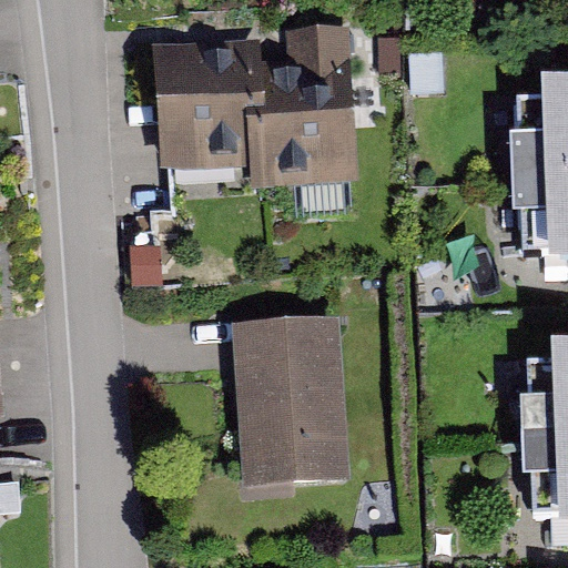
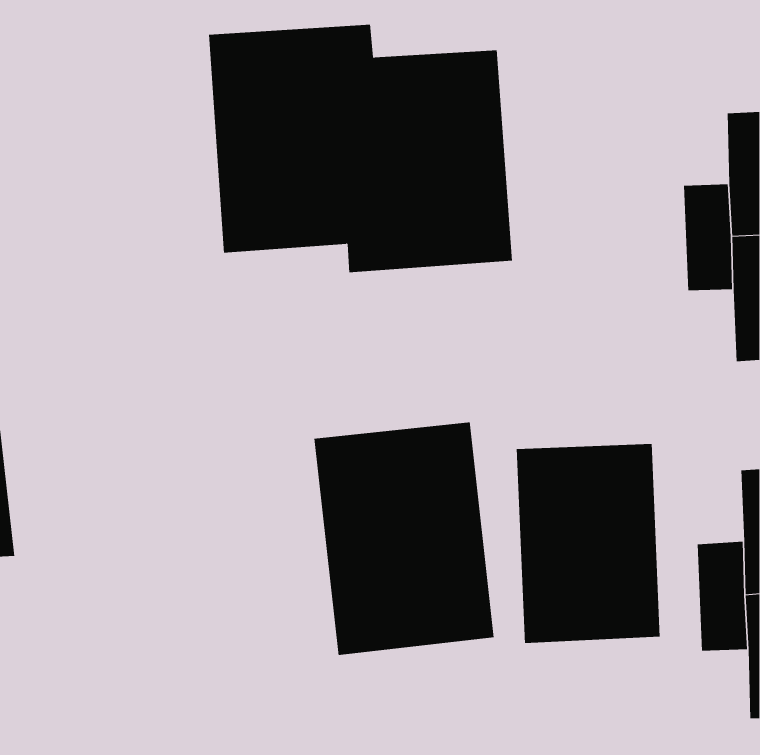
building: none -> [516,443,660,644]

